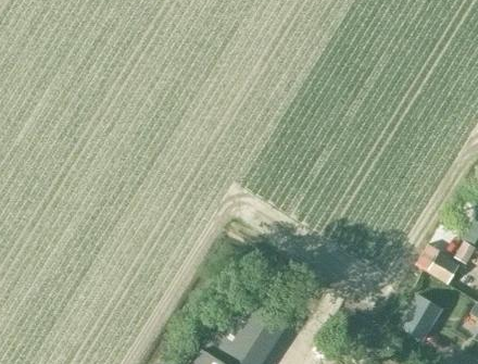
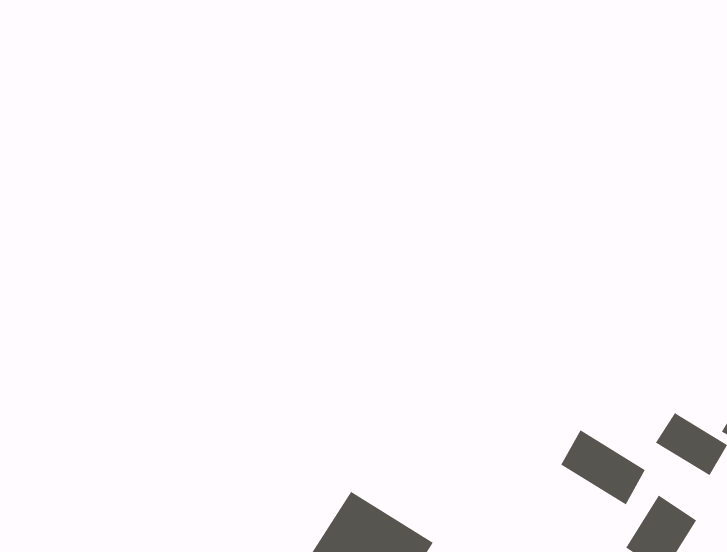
building: none -> [560,429,646,506]

